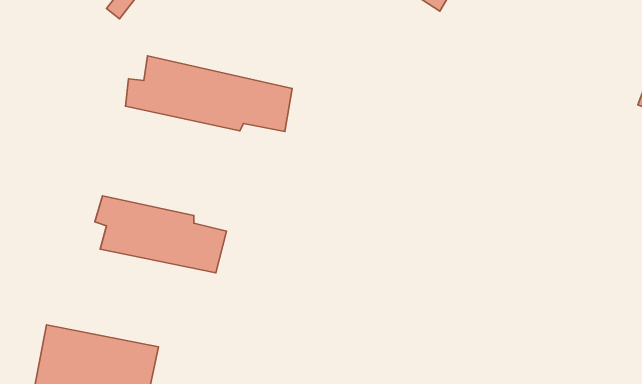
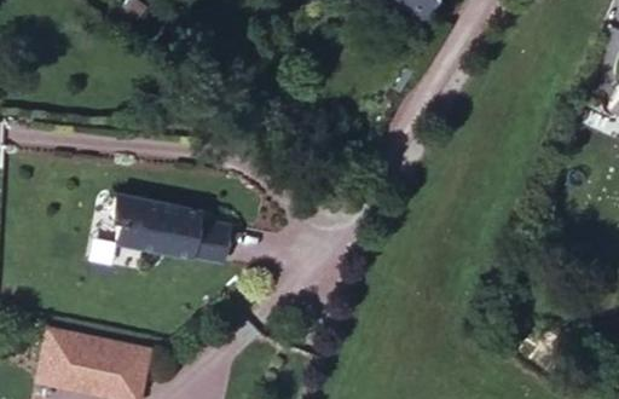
building: [126,56,292,132] -> none

